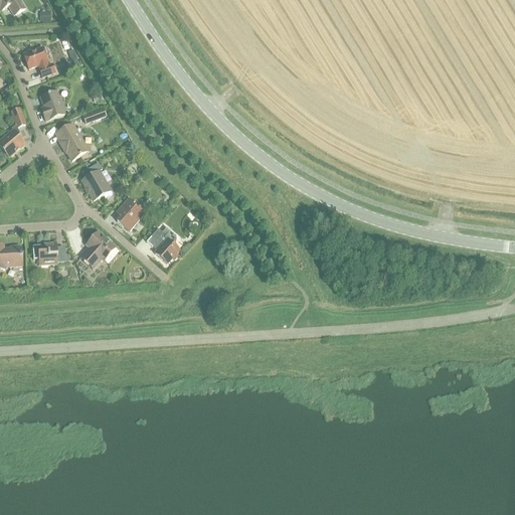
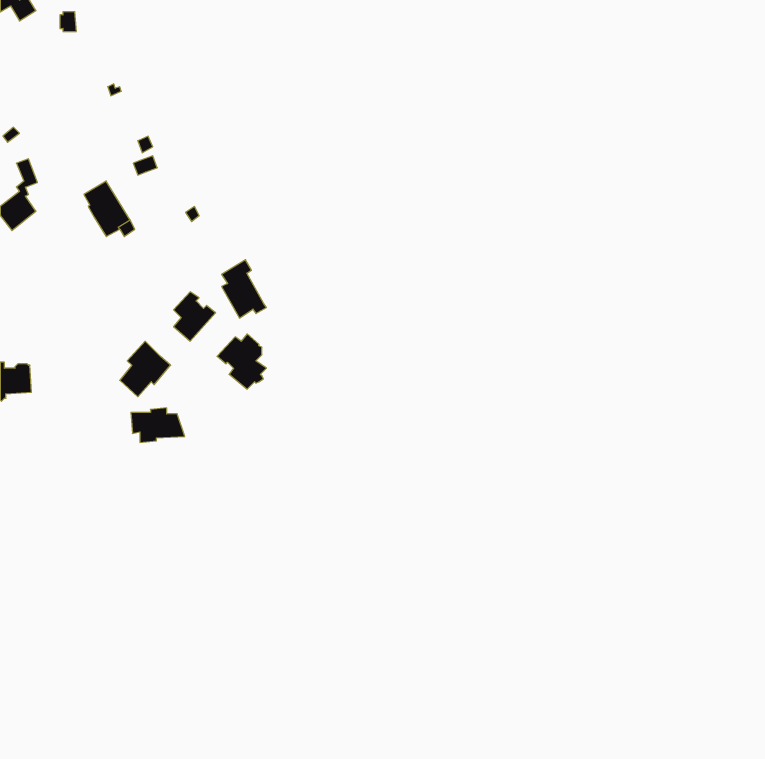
building: [23,45,55,75] -> none
building: [40,90,64,119] -> none
building: [81,160,112,199] -> [222,260,266,318]
building: [32,240,68,264] -> [131,408,185,442]

